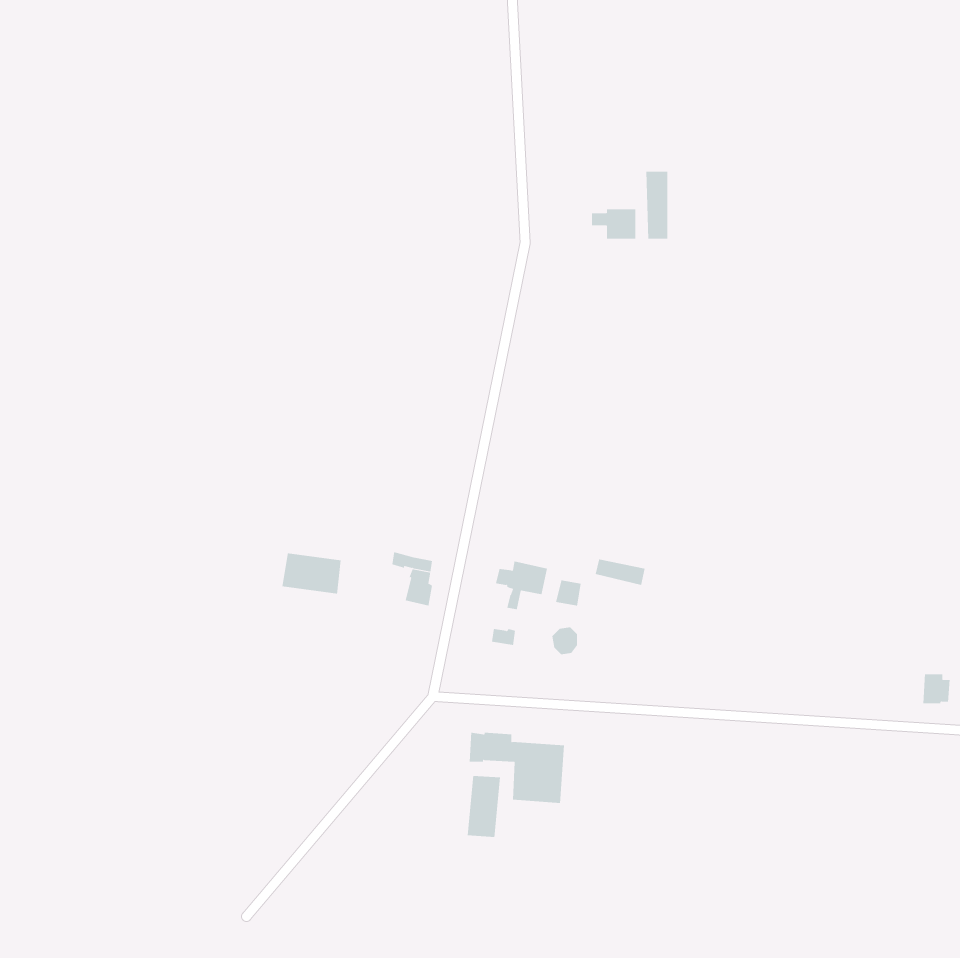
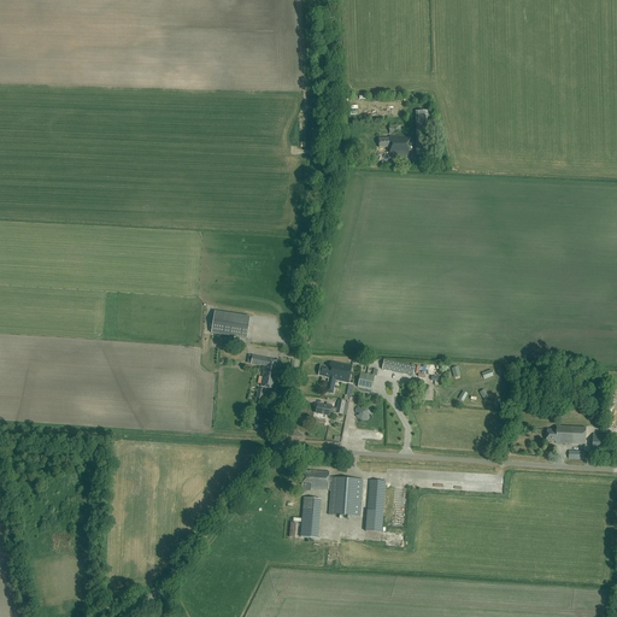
building: [281,553,342,594] -> [210,310,248,336]
building: none -> [546,424,584,442]
building: none -> [364,478,384,530]

